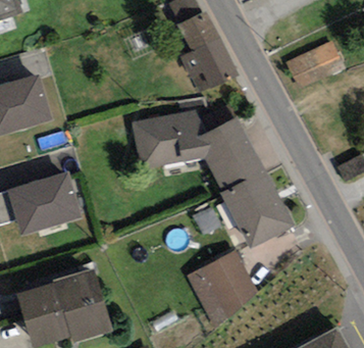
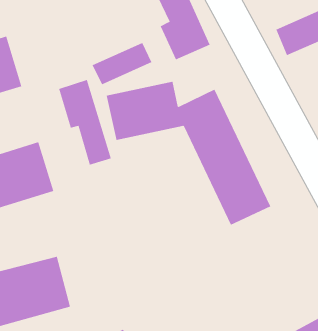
building: none -> [92,42,152,85]
building: none -> [58,79,111,165]
building: [200,252,252,316] -> none

